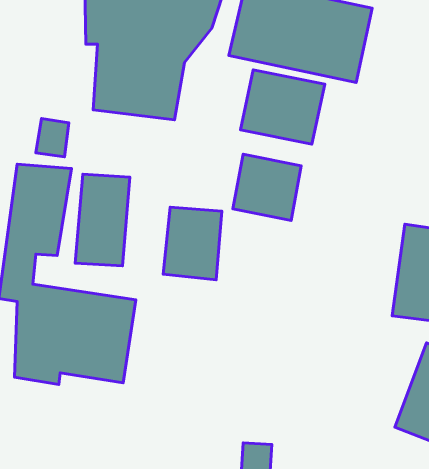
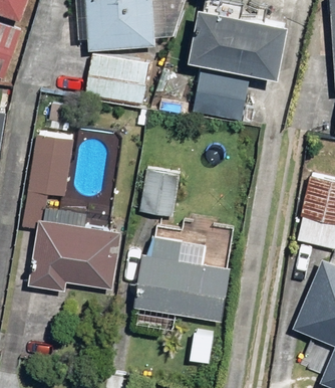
building: [233,154,301,220] -> none
building: [75,174,130,266] -> none
building: none -> [135,236,231,335]

